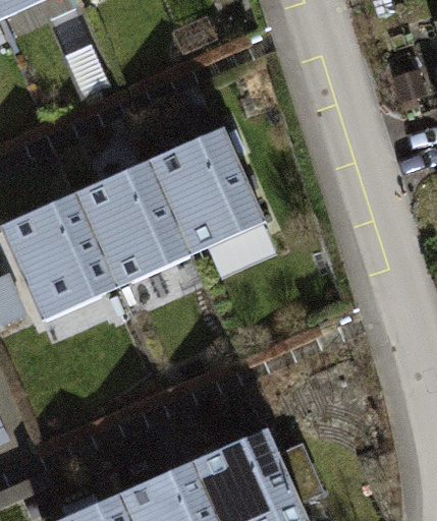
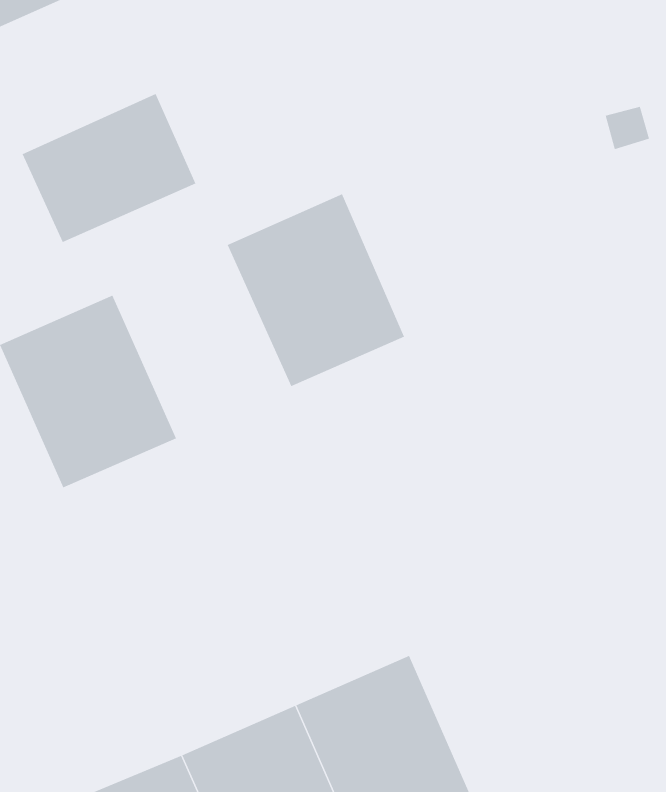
building: none -> [22,93,196,243]
building: [74,162,190,288] -> none

